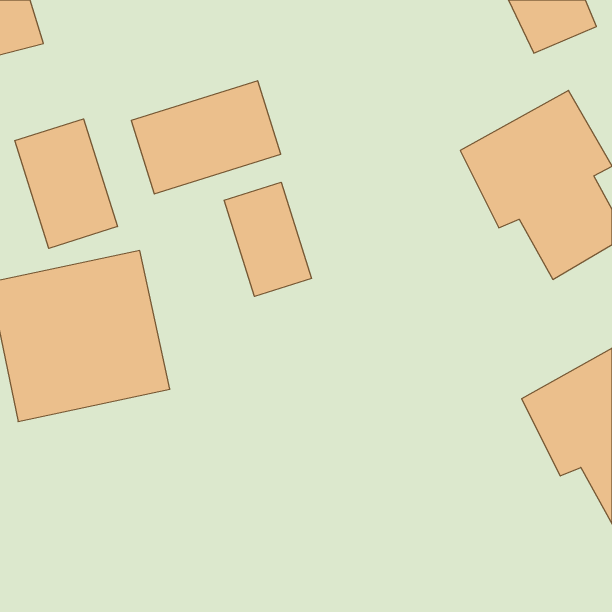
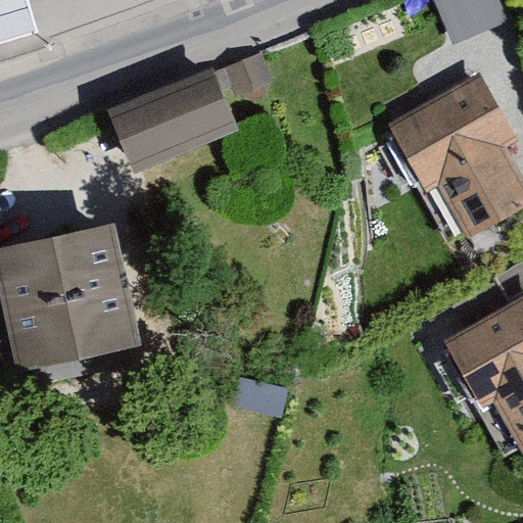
building: [15,119,117,248] -> none
building: [224,182,311,296] -> none

